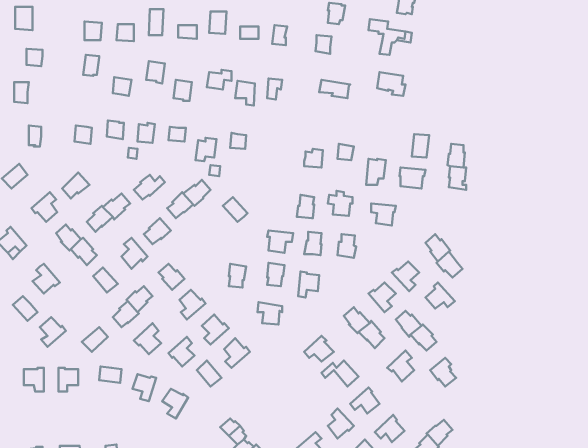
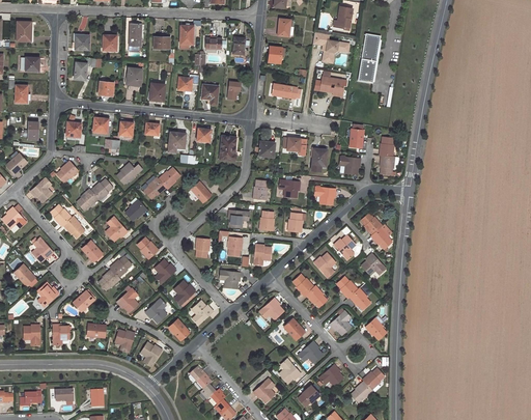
building: none -> [358,33,382,83]
building: none -> [220,136,239,161]

